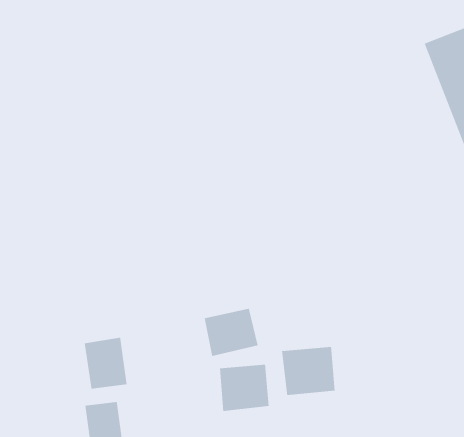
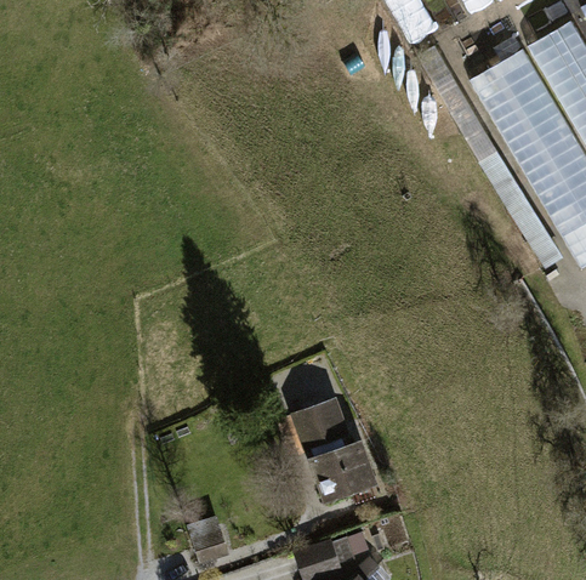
building: [84,337,127,389] -> none
building: [282,346,335,396] -> none

